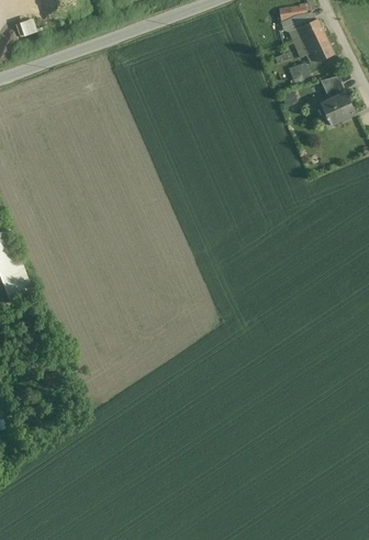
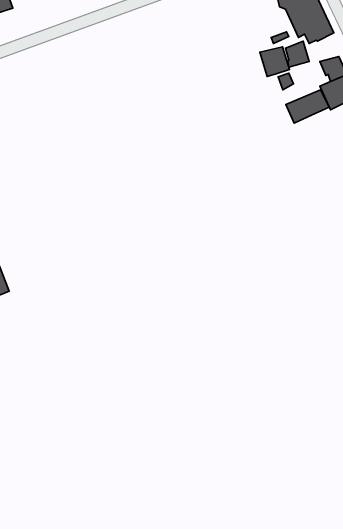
building: none -> [260,47,290,77]
building: none -> [286,90,329,123]

